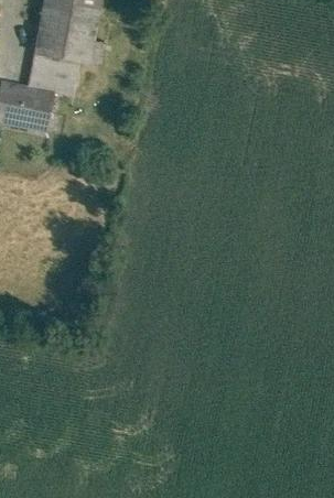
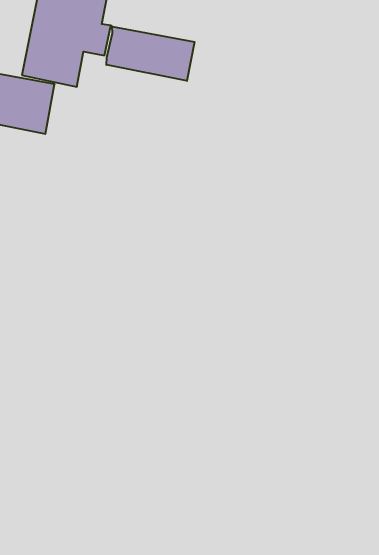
building: none -> [106,26,195,81]

